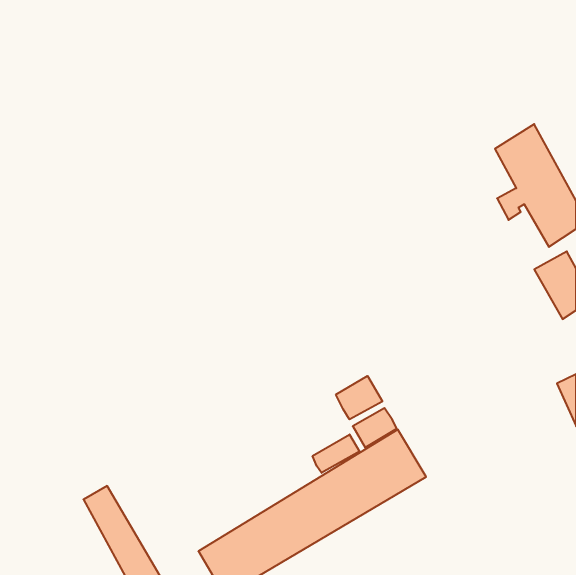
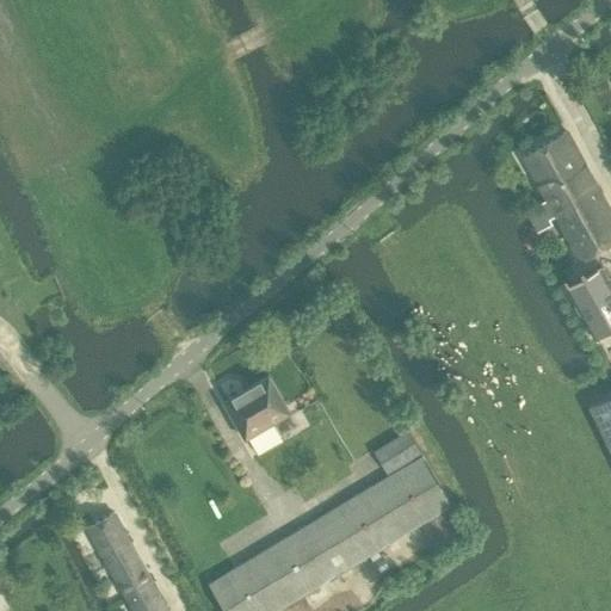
building: none -> [224,377,297,439]
building: [336,376,382,419] -> none
building: [313,434,360,473] -> none

